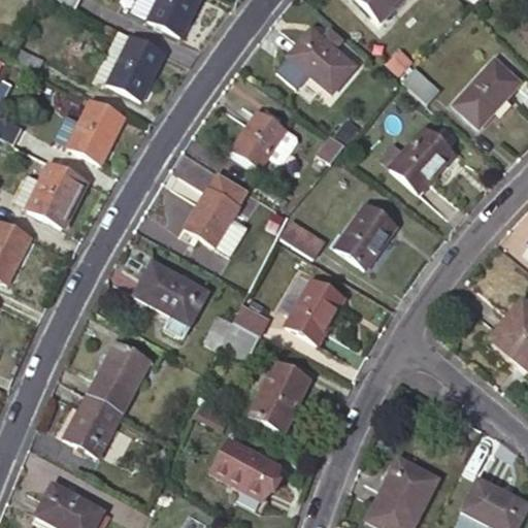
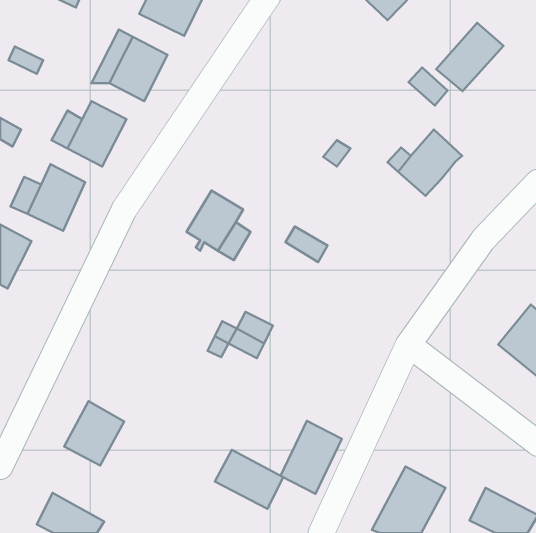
building: [290,29,356,93] -> none
building: [455,59,521,126] -> [436,23,503,91]
building: [234,110,288,168] -> none
building: [336,204,396,268] -> none
building: [136,262,207,337] -> none
building: [287,278,343,342] -> none
building: [89,341,152,412] -> none
building: [251,361,310,432] -> [281,421,342,494]

